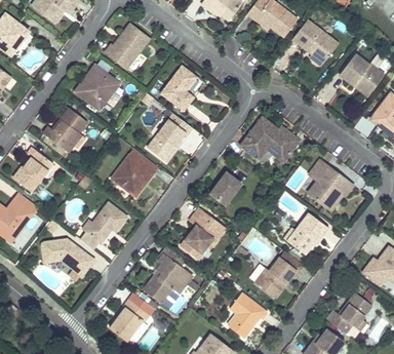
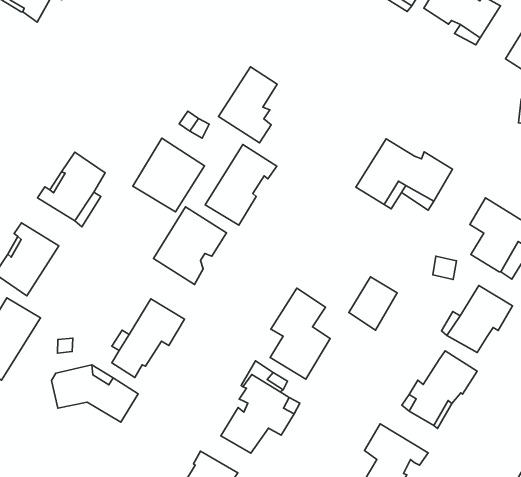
building: [106,24,151,69] -> none
building: [75,64,120,110] -> [133,138,204,212]
building: [209,172,240,205] -> [349,277,397,330]

